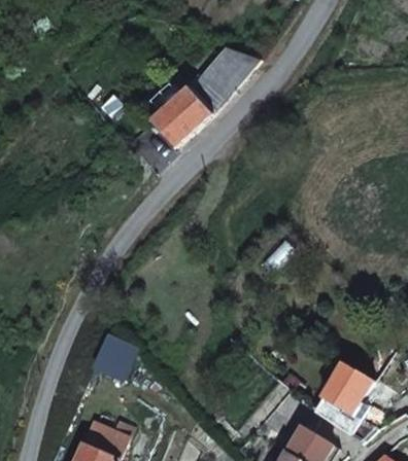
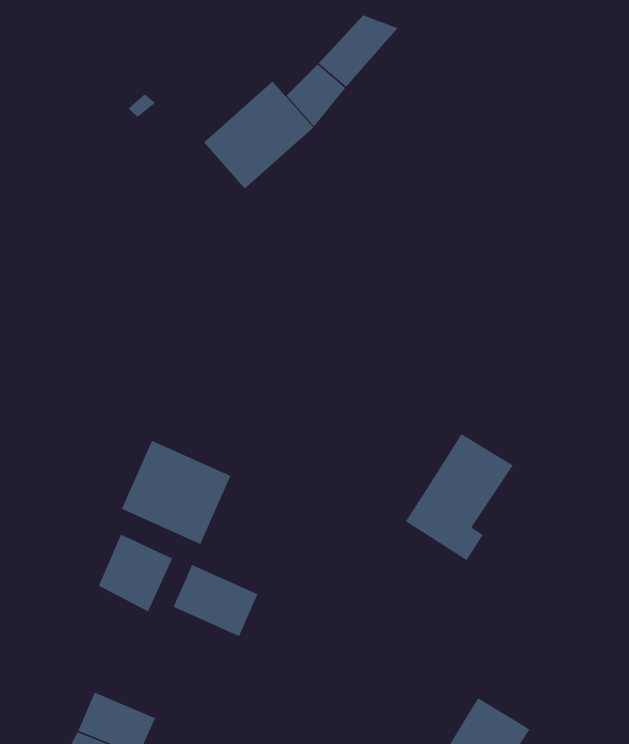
building: none -> [121,440,232,545]
building: none -> [173,564,259,637]
building: [312,362,372,432] -> [405,433,514,561]

